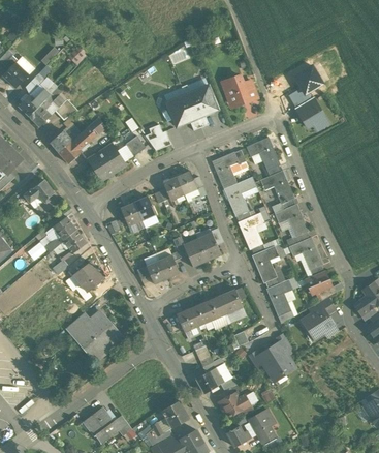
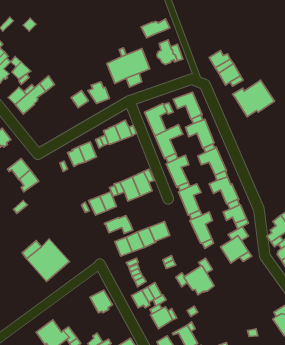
building: none -> [141,19,170,38]
building: [293,65,321,93] -> none
building: none -> [232,80,274,117]
building: [90,146,122,177] -> none
building: [73,261,102,291] -> none
building: none -> [104,215,133,234]
building: [161,400,188,427] -> [90,290,112,313]

